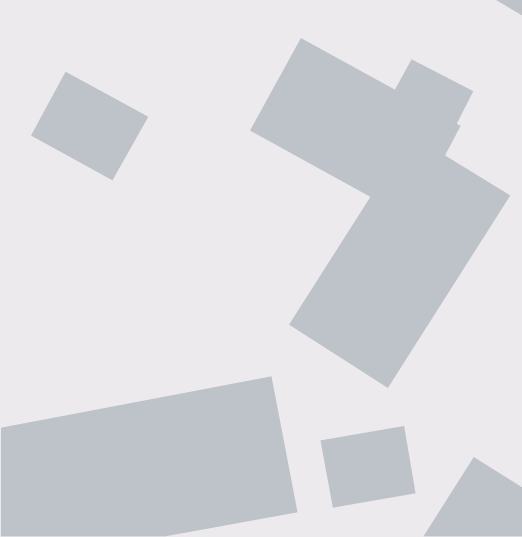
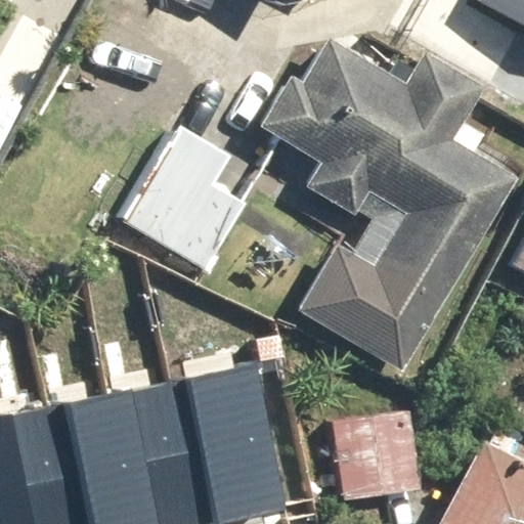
building: [30,70,149,182] -> none
building: none -> [128,130,263,277]

